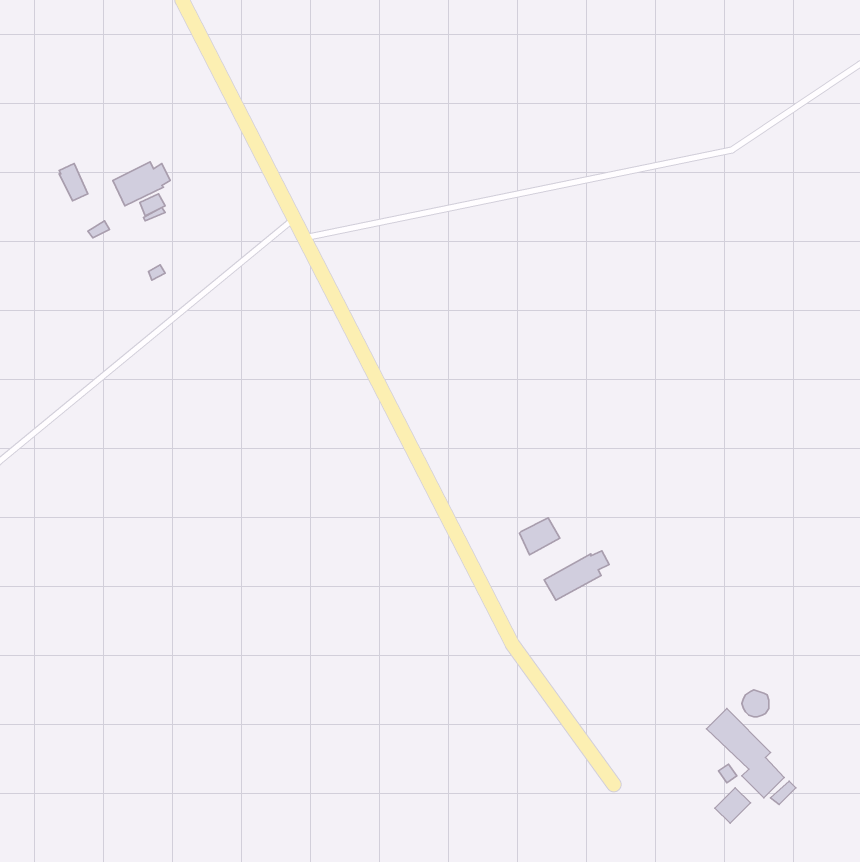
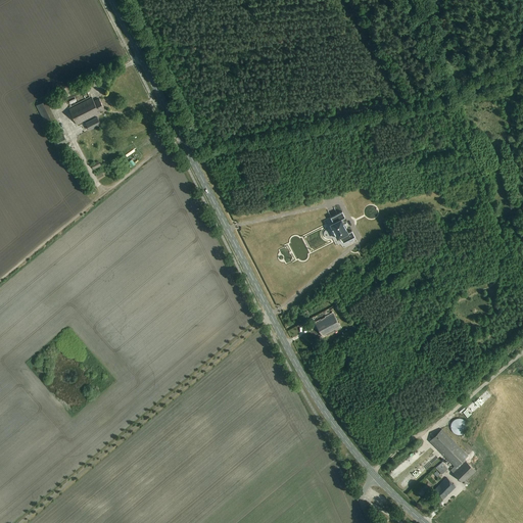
building: none -> [329,211,353,242]
building: [544,551,609,600] -> none

